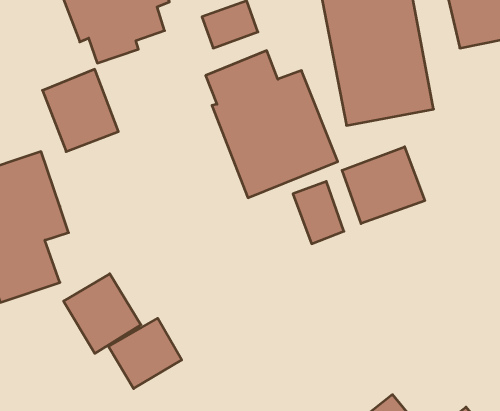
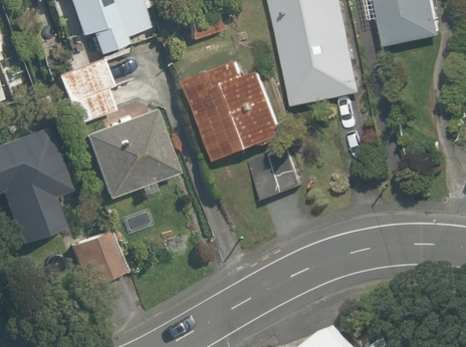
building: none -> [80,110,173,199]
building: [342,147,425,224] -> none
building: [109,318,182,389] -> none

